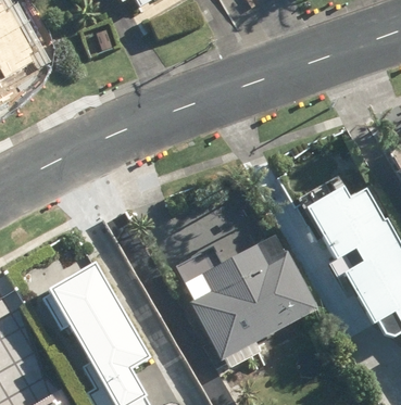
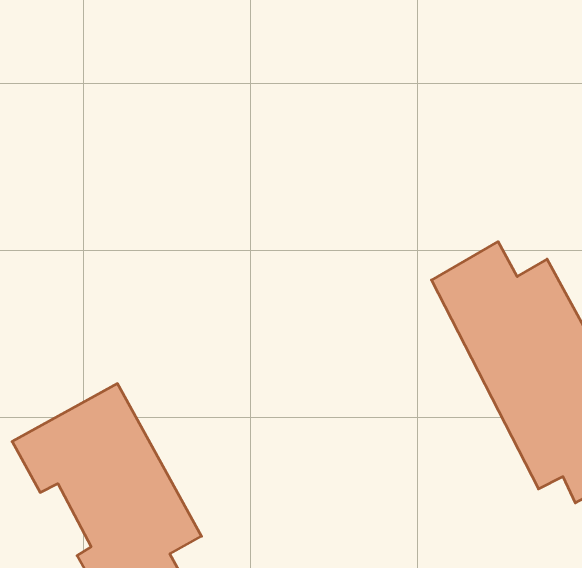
building: [187,228,323,367] -> none

